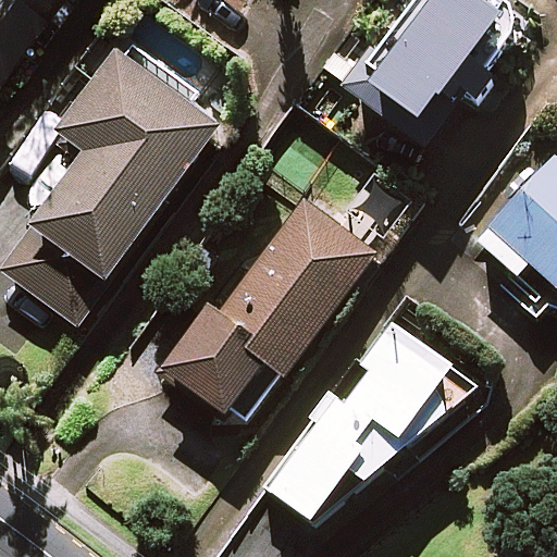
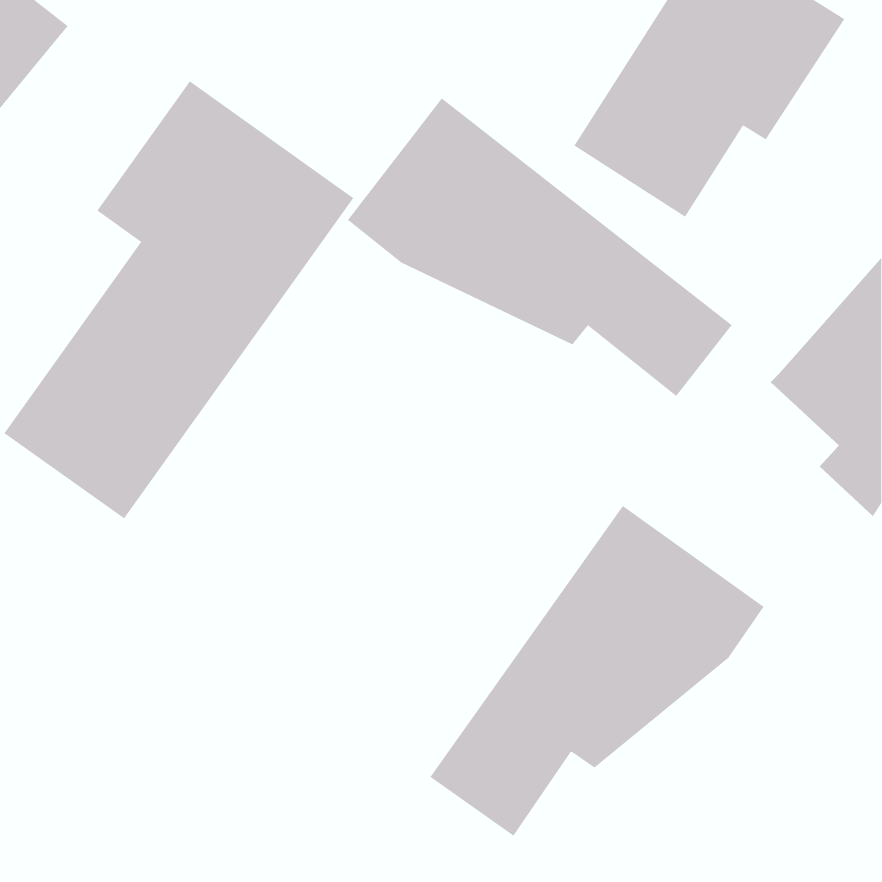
building: none -> [347,97,733,397]
building: [160,197,373,421] -> none

